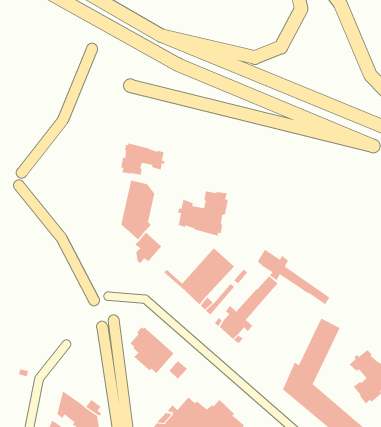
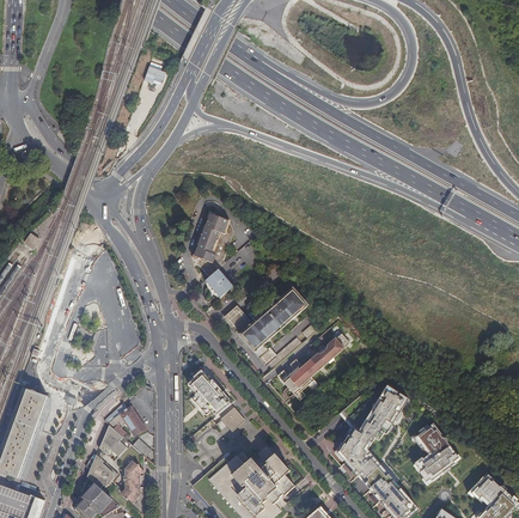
building: [120,142,165,176] -> none
building: [178,190,228,236] -> none
building: [257,249,330,305] -> none
building: none -> [104,403,141,439]

